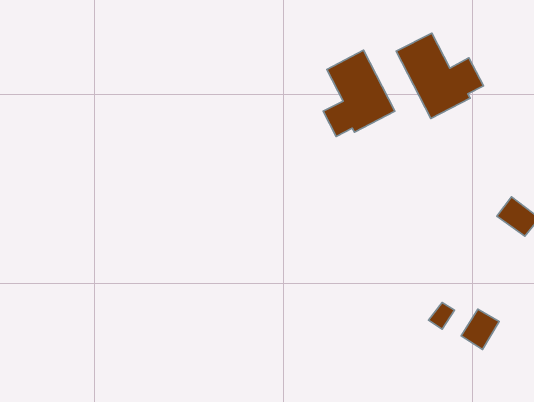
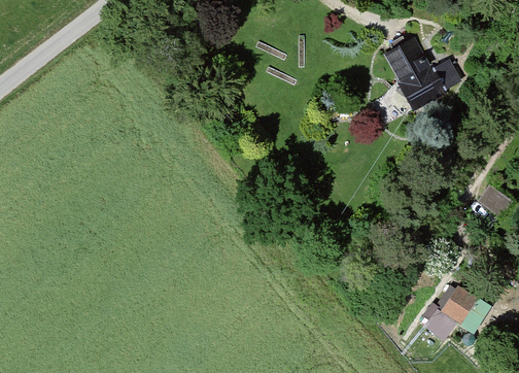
building: [323,50,395,137] -> none

